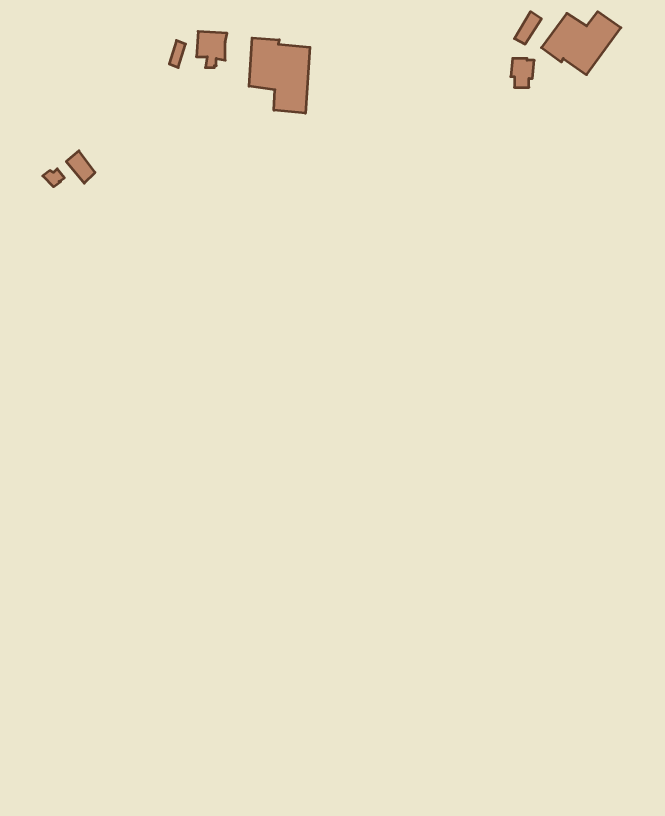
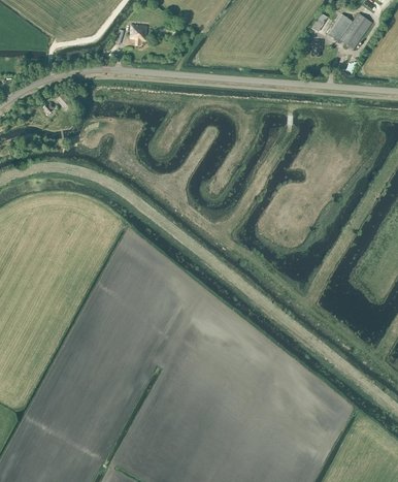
building: [249,38,310,113] -> none

